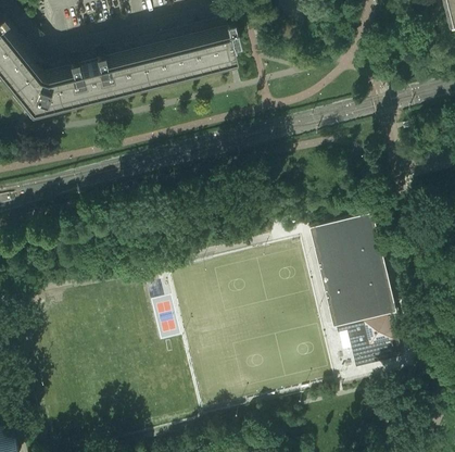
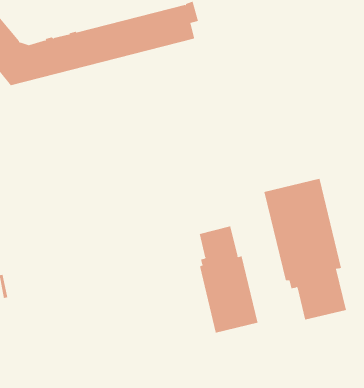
building: none -> [199,225,258,333]

